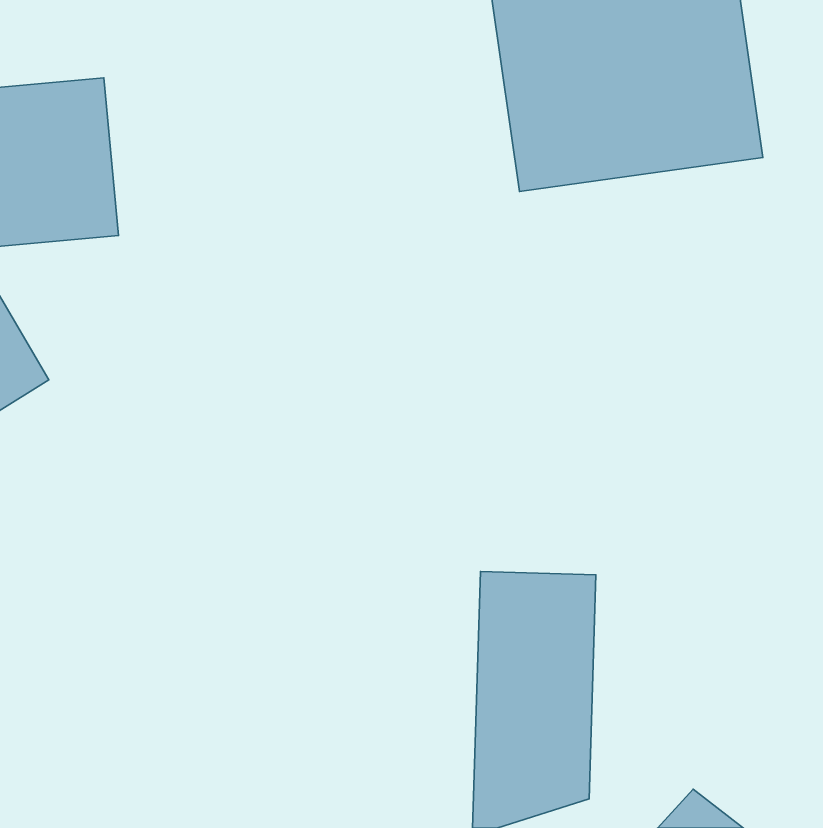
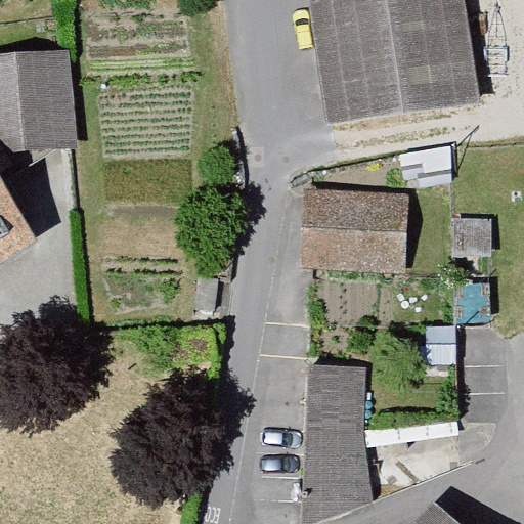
building: none -> [300,190,410,279]

